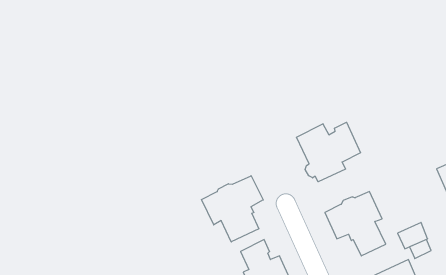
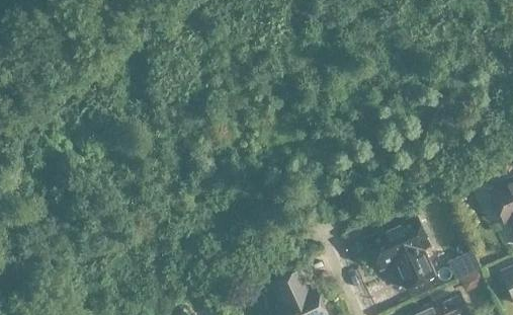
building: [297,122,360,182] -> none
building: [201,176,263,242] -> none

